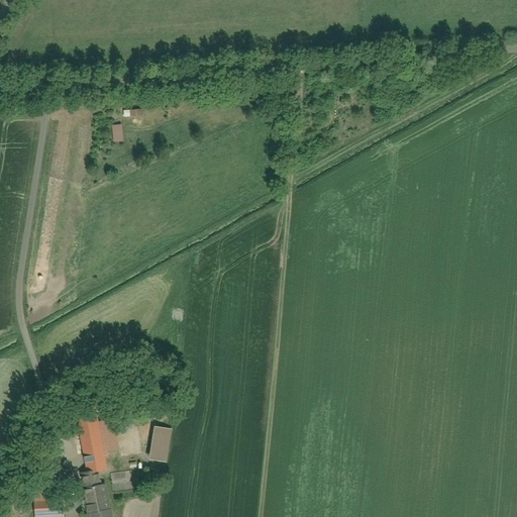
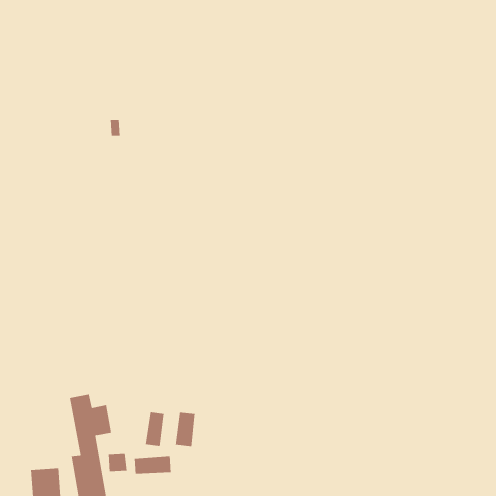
building: none -> [175,411,195,447]
building: none -> [134,455,171,474]

